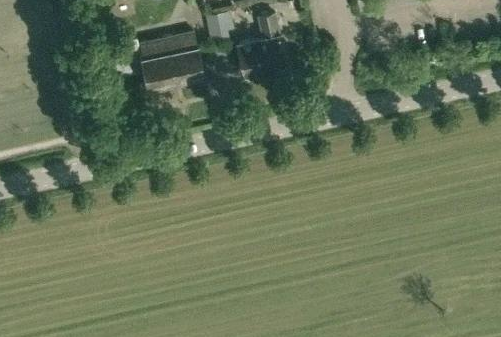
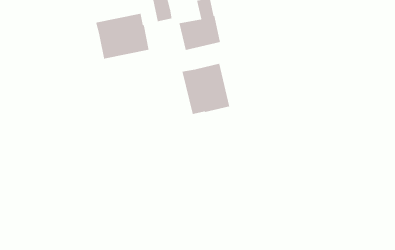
building: none -> [182,63,230,115]

